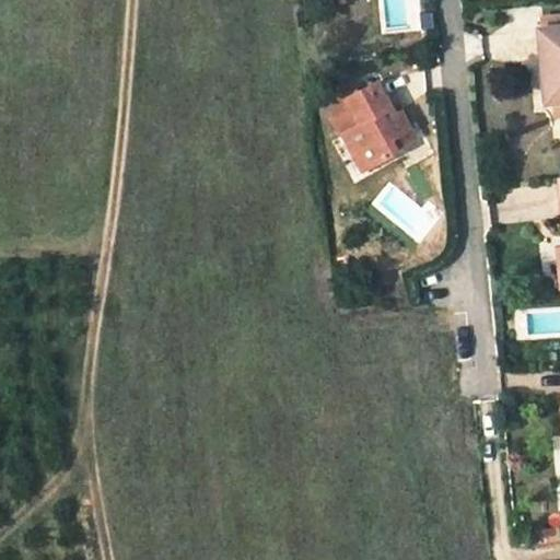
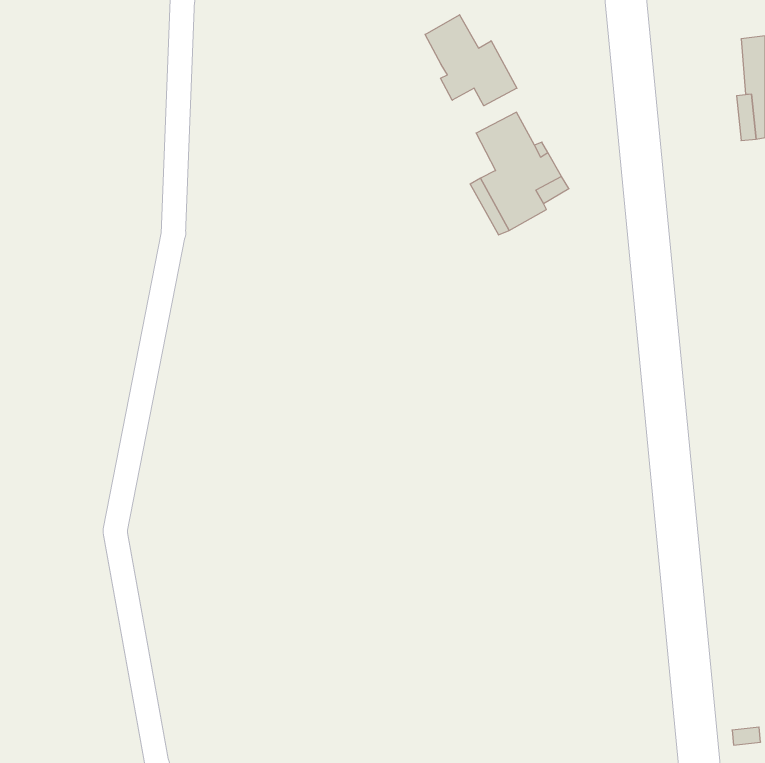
building: none -> [425,15,517,106]

